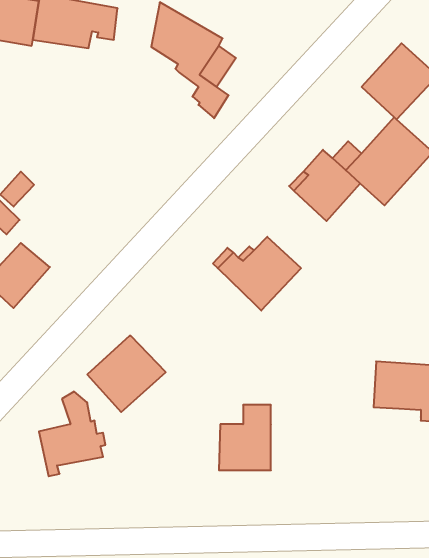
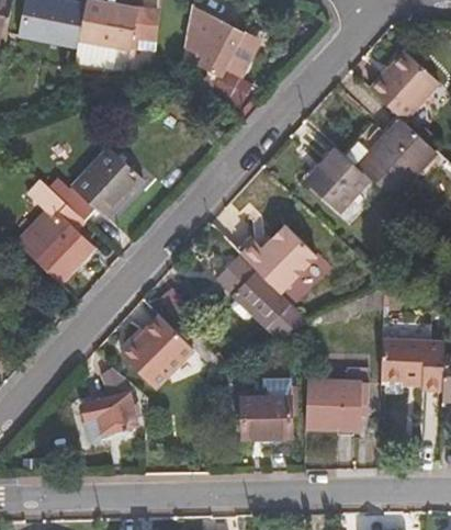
building: none -> [77,161,133,222]
building: none -> [219,253,315,335]
building: none -> [304,375,360,424]

